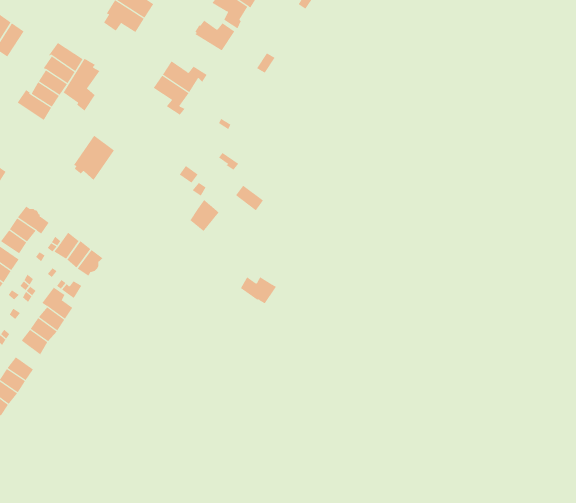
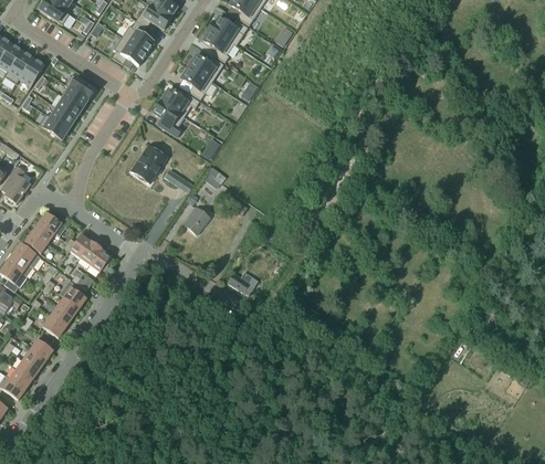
building: none -> [180,66,211,98]
building: [63,58,100,112] -> none
building: [73,135,115,181] -> [130,144,166,182]

